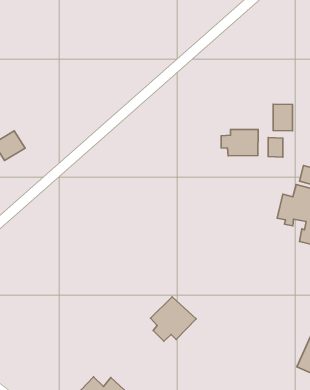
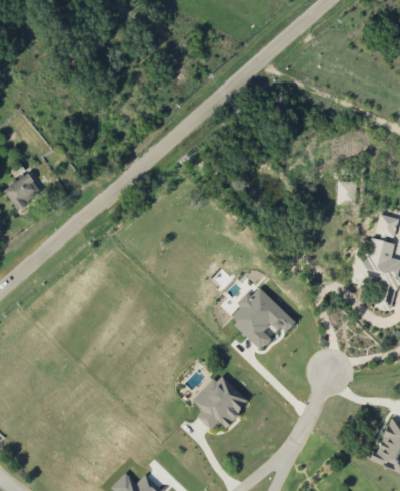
building: [273,104,292,131] -> none
building: [221,130,258,156] -> none
building: none -> [230,287,296,349]

